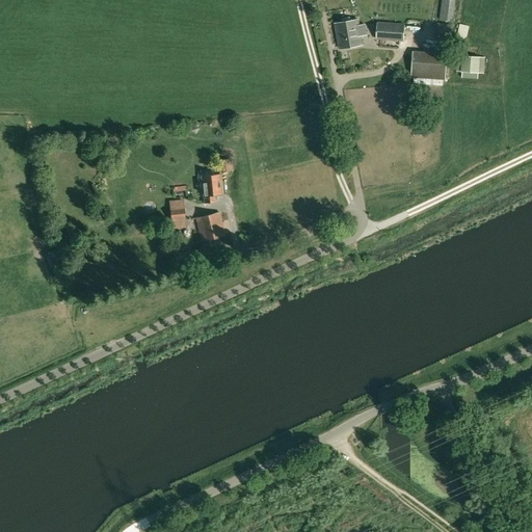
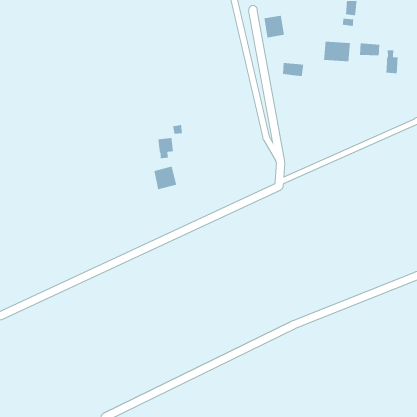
building: [377,22,405,41] -> [282,62,304,77]
building: none -> [385,49,398,74]
building: [169,200,186,229] -> none

